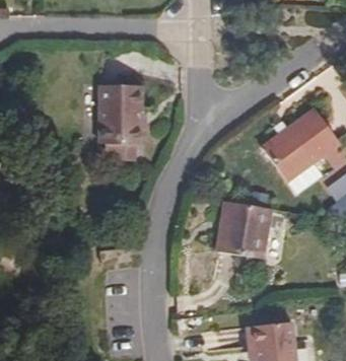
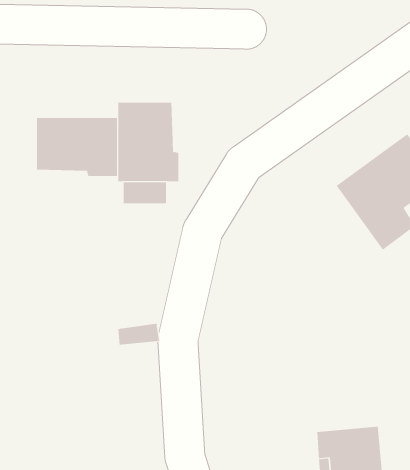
building: none -> [36,117,117,177]
building: [214,202,269,258] -> none

